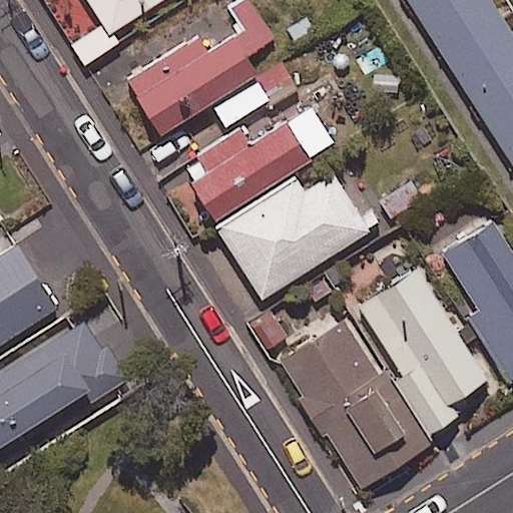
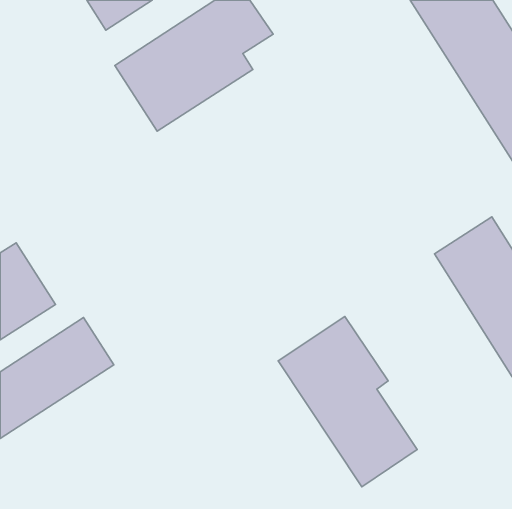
building: [162,117,370,300] -> none
building: [360,271,486,436] -> none

